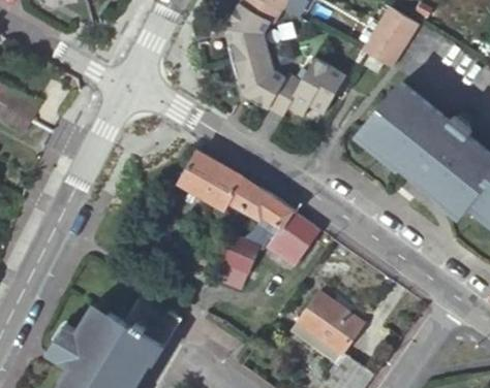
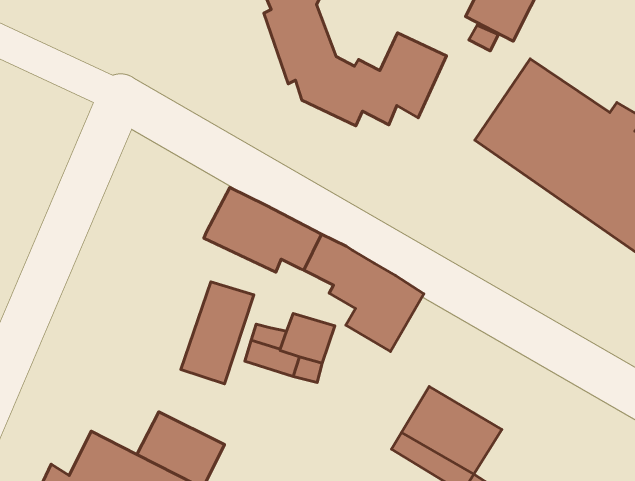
building: none -> [181,282,254,384]

